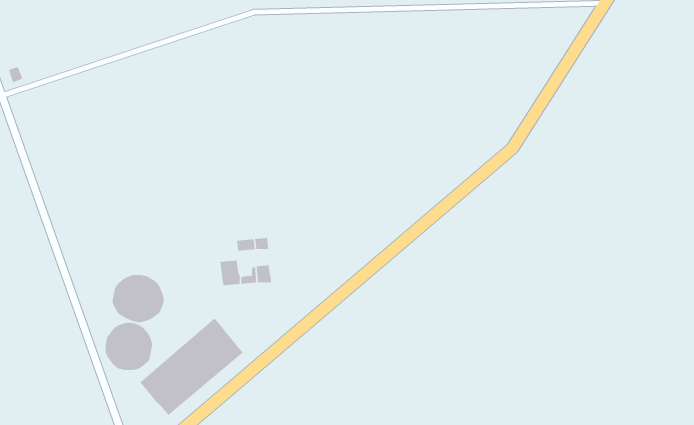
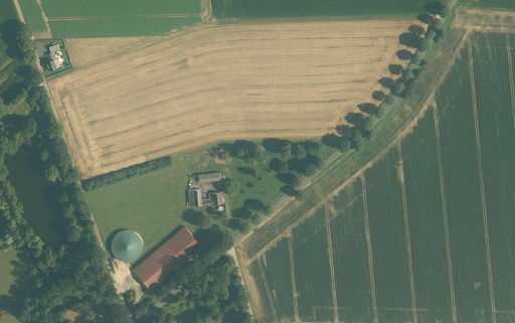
building: [112,274,164,323] -> none

